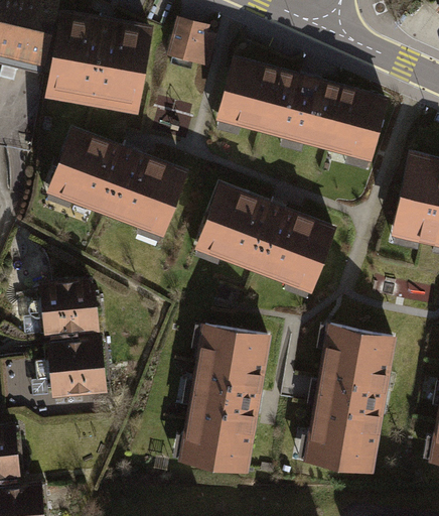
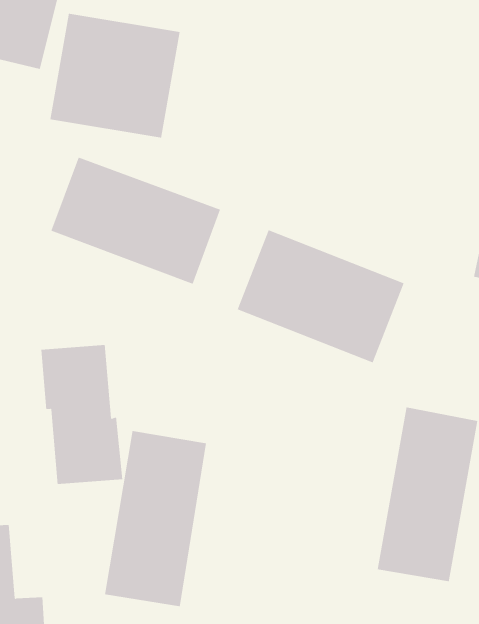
building: [167,18,213,66] -> none
building: [216,59,387,159] -> none
building: [184,333,267,475] -> [104,431,207,607]

